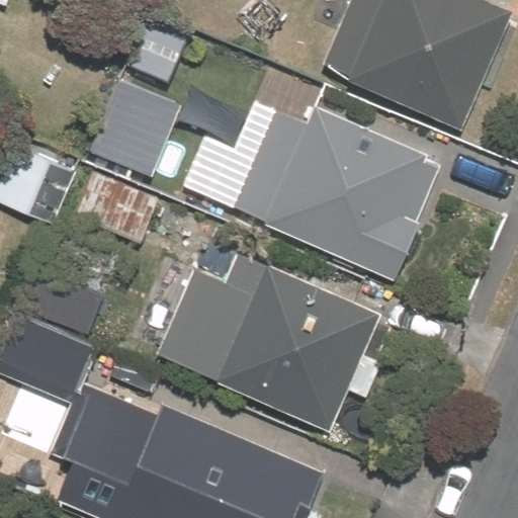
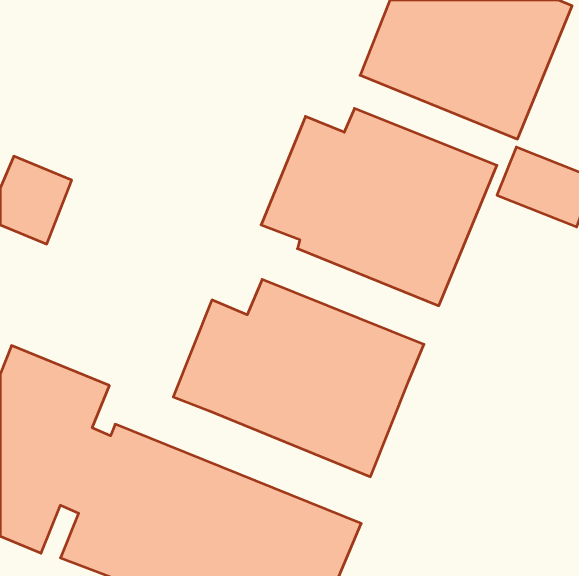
building: [87,78,183,177] -> none

